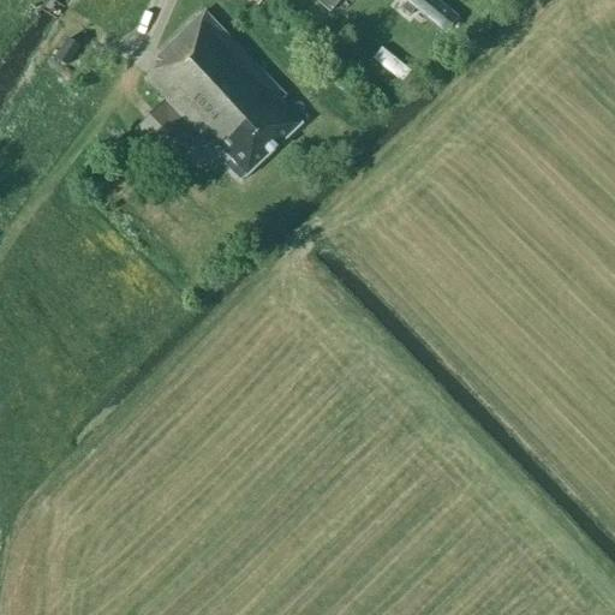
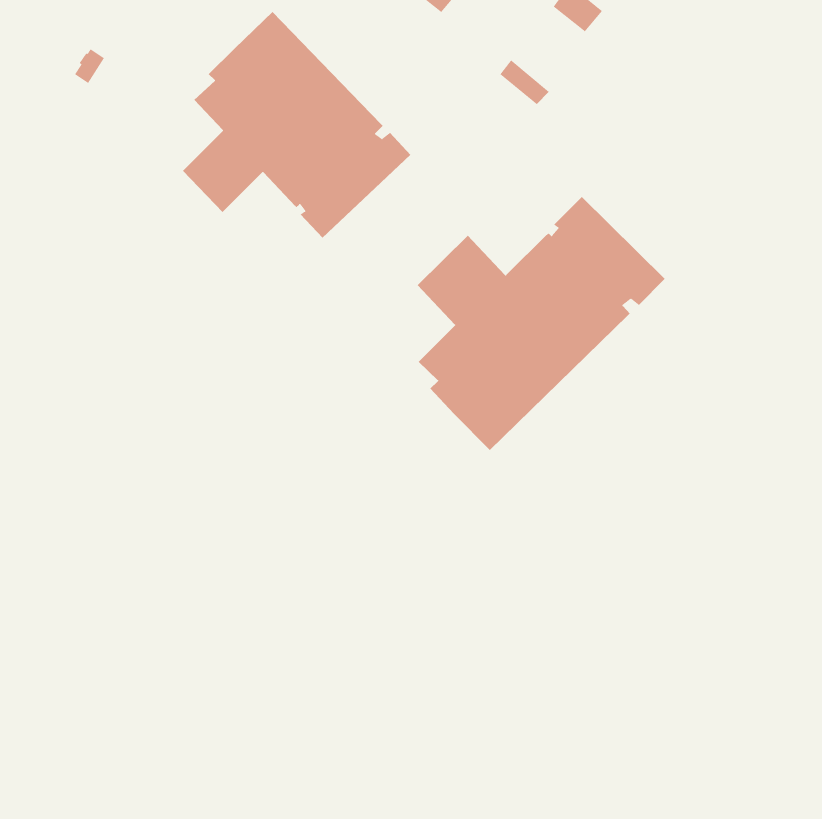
building: none -> [417,196,665,451]

